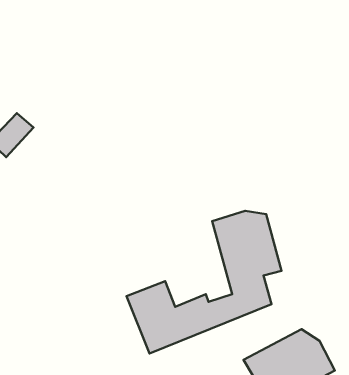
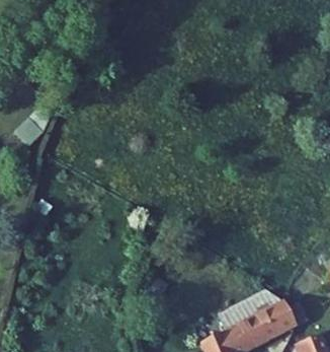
building: [126,211,282,354] -> none

